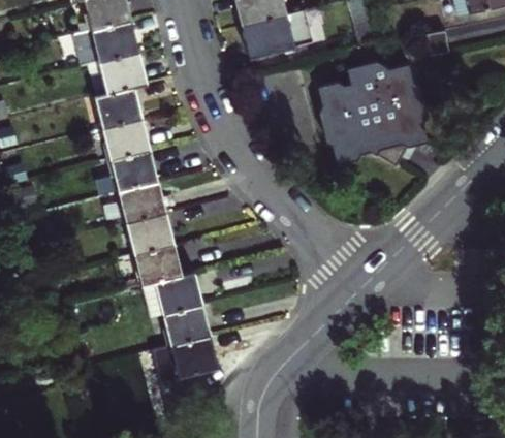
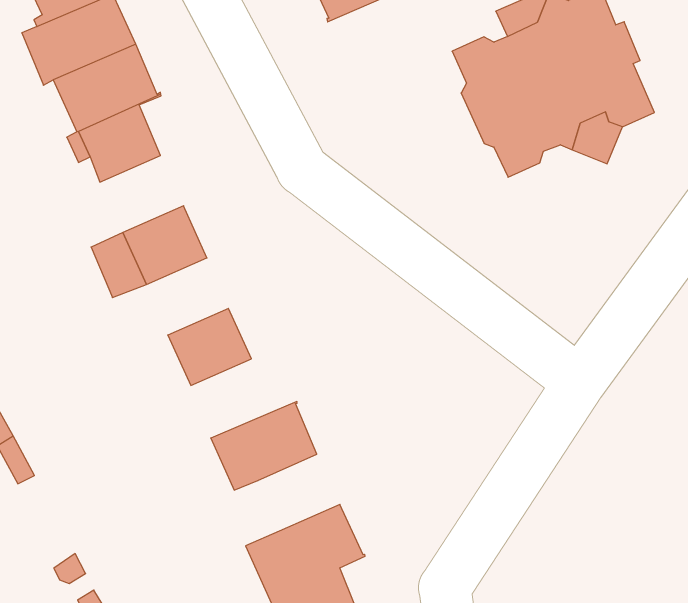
building: [104,117,150,157] -> none
building: [121,180,165,220] -> none
building: [136,242,182,283] -> none
building: [165,303,210,343] -> none

